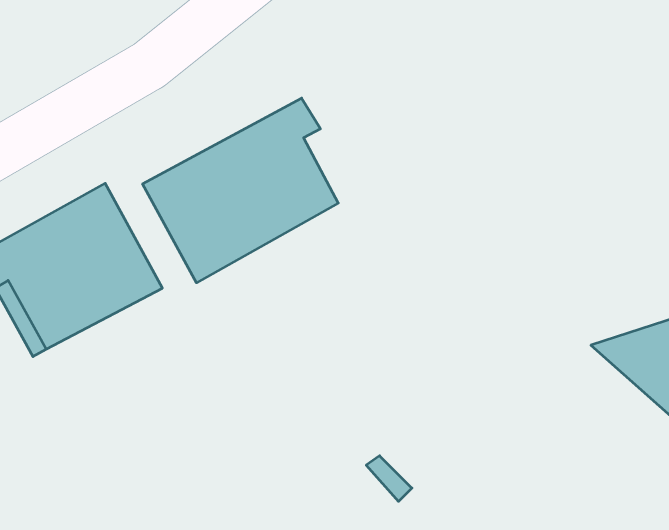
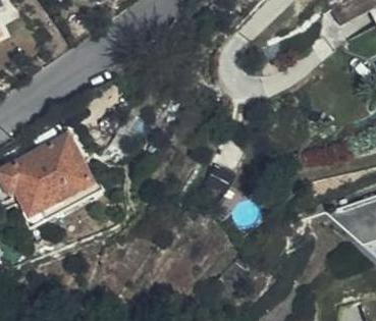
building: [143,98,338,283] -> none

